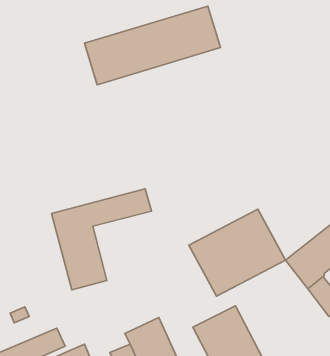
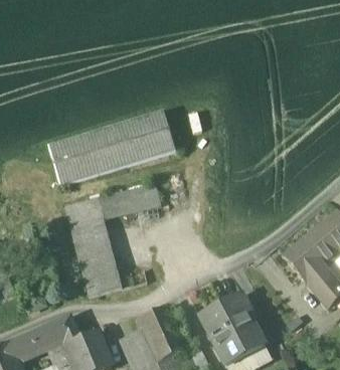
building: [85,6,221,85] -> [46,112,175,186]
building: [189,209,285,296] -> none
building: none -> [84,269,123,297]

